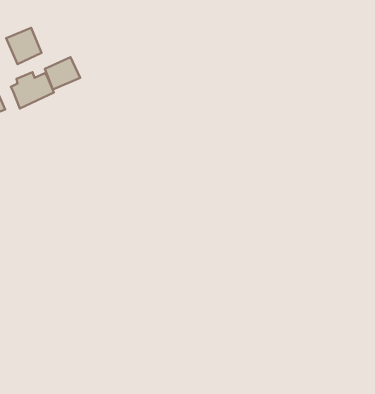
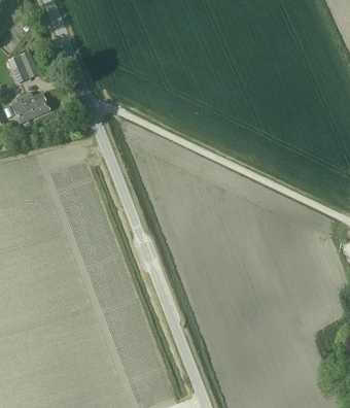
building: [45,57,80,90] -> none

